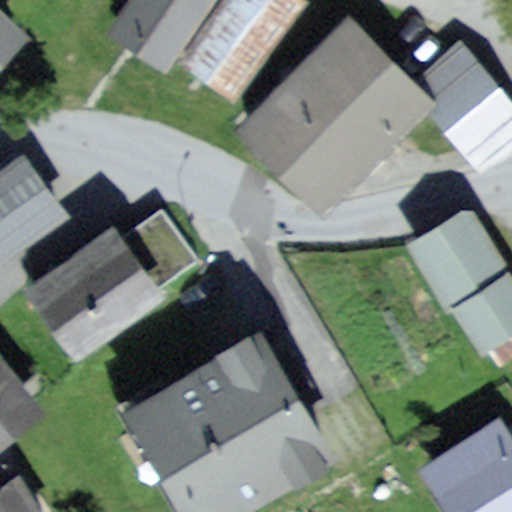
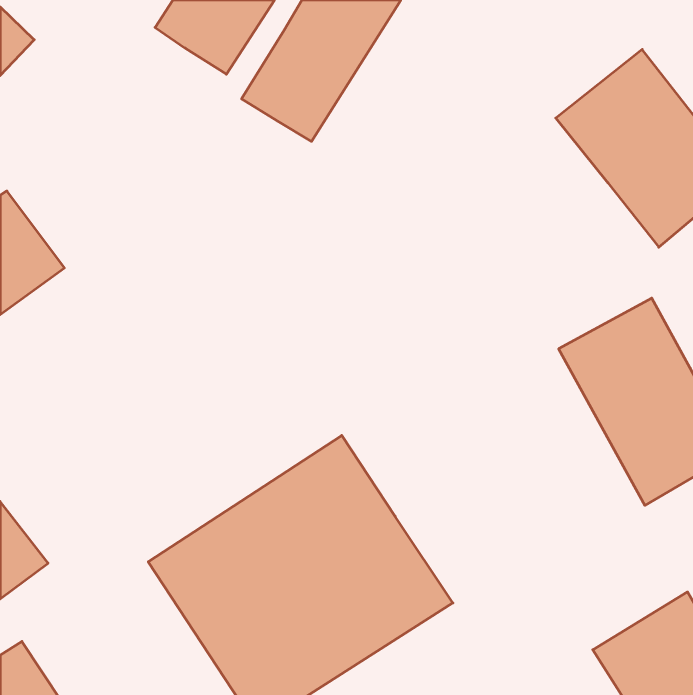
building: [244,32,414,201] -> none
building: [18,214,195,364] -> none

